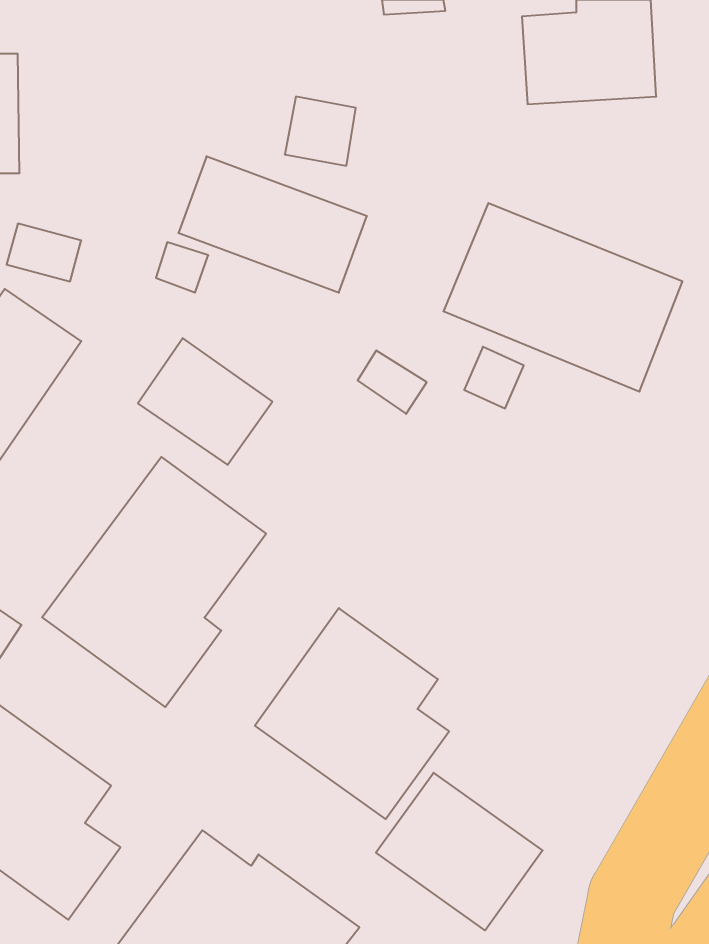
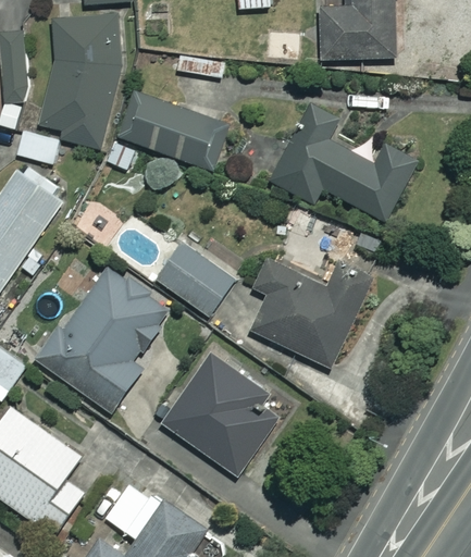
building: none -> [34,13,123,148]
building: [138,338,272,465] -> [157,242,235,315]
building: none -> [252,261,369,367]
building: [376,773,543,930] -> none

